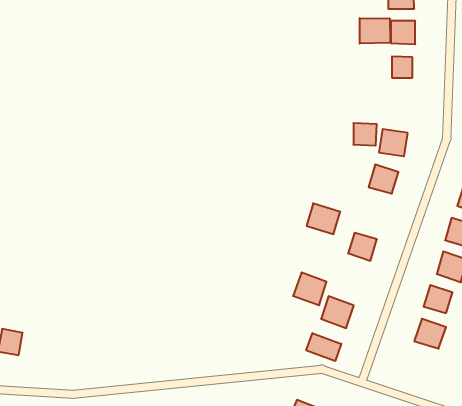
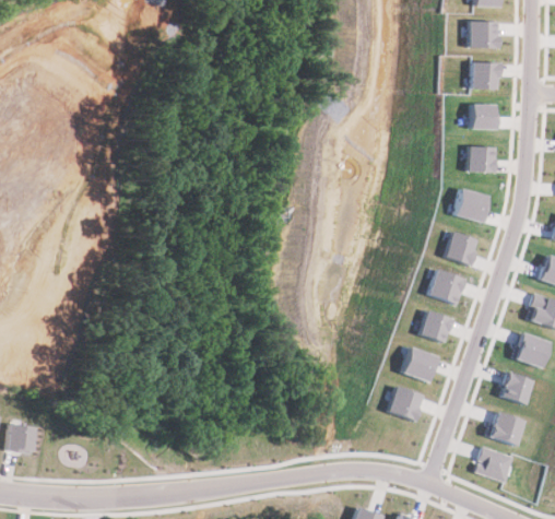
building: [360,18,390,44] -> none
building: [353,123,377,146] -> [465,146,493,173]
building: [307,203,340,234] -> [424,269,463,305]
building: [293,273,327,305] -> [398,345,437,384]
building: [306,333,341,361] -> none
building: none -> [479,446,520,482]

